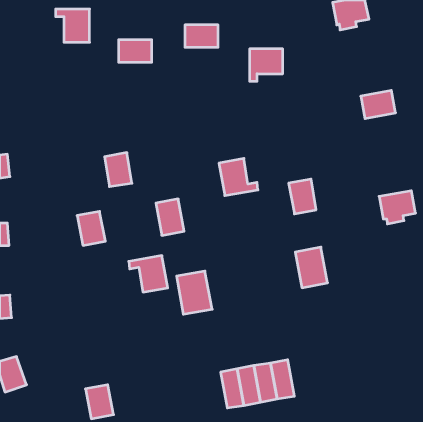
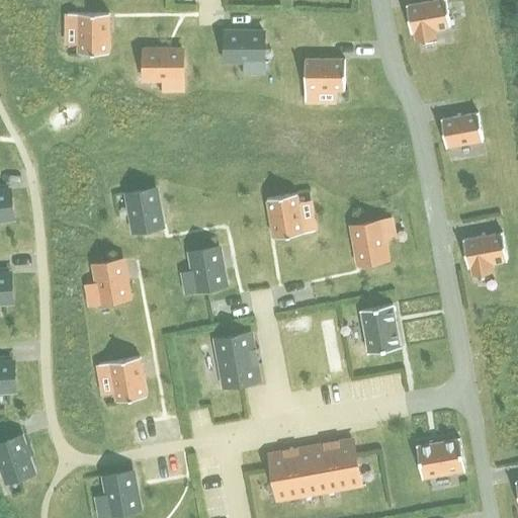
building: [129,256,168,292] -> [96,357,144,402]
building: none -> [416,438,465,477]

